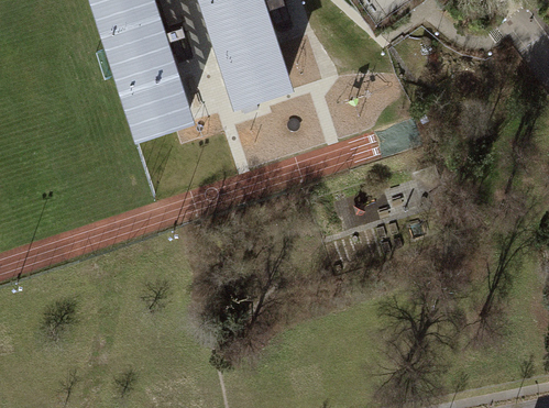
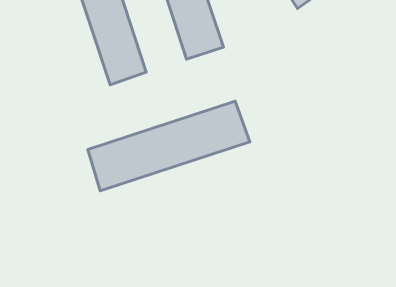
building: none -> [88,101,250,191]

